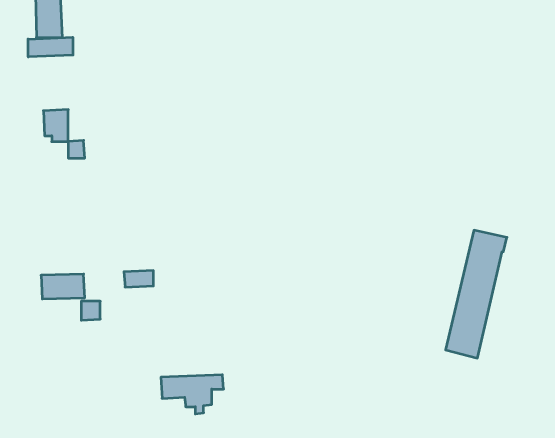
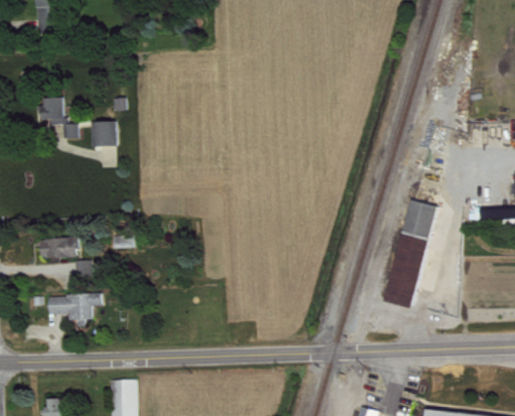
building: [28,37,73,57] -> none
building: none -> [91,122,116,146]
building: [161,375,224,414] -> [47,293,101,326]

